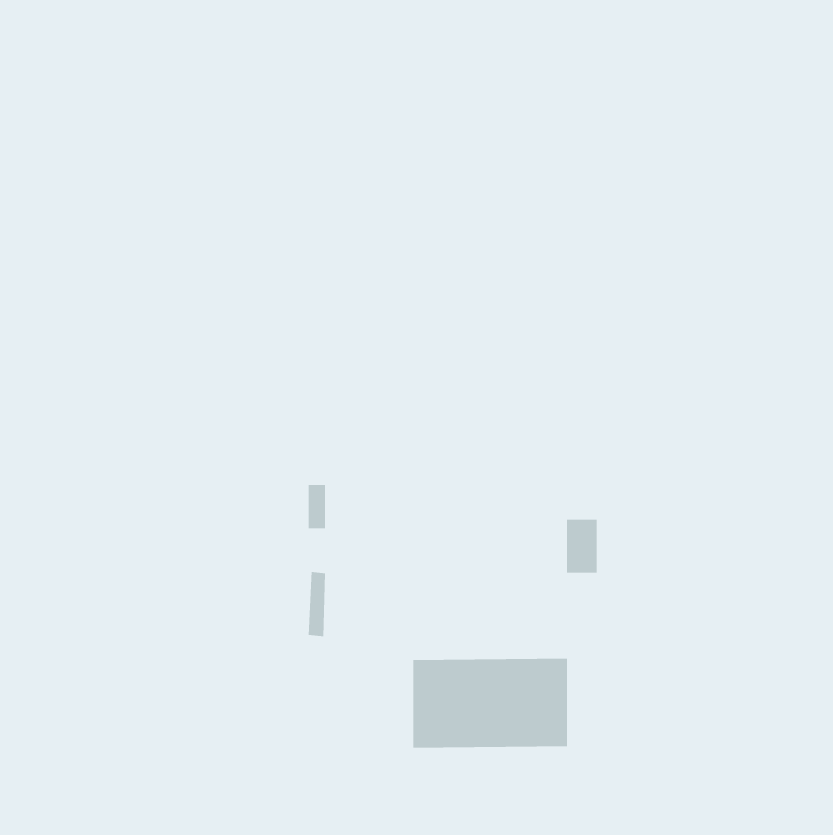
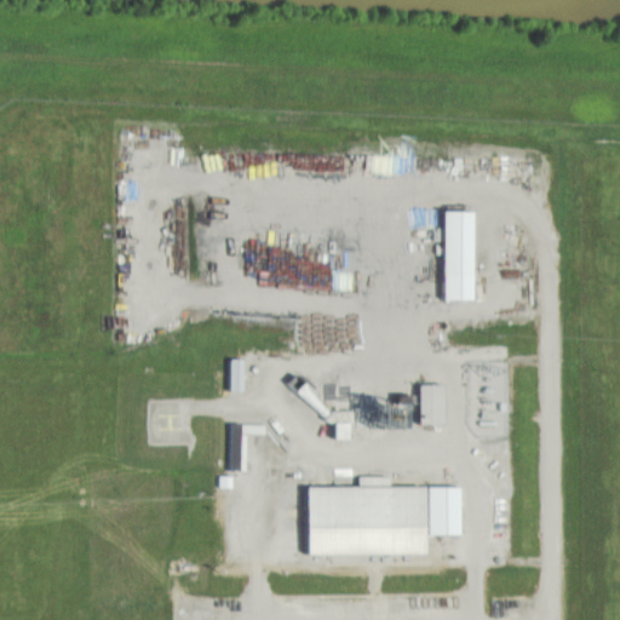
building: none -> [444,213,473,299]
building: none -> [429,487,460,534]

